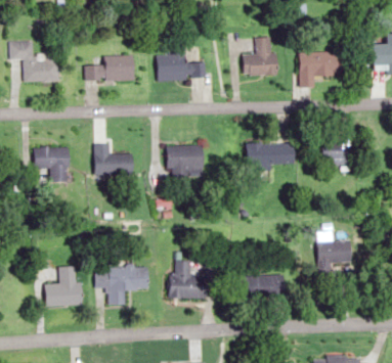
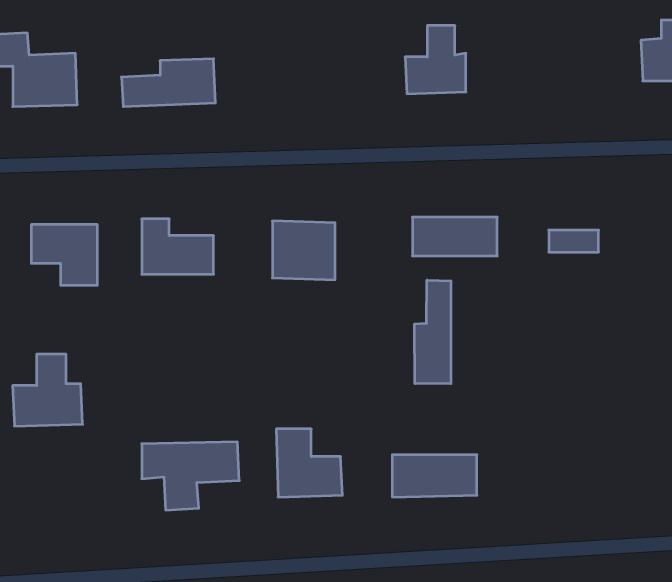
building: [158,39,206,80] -> none
building: [298,51,340,87] -> none
building: none -> [415,280,451,384]
building: [315,240,349,282] -> none
building: [47,267,86,307] -> [13,354,83,426]

